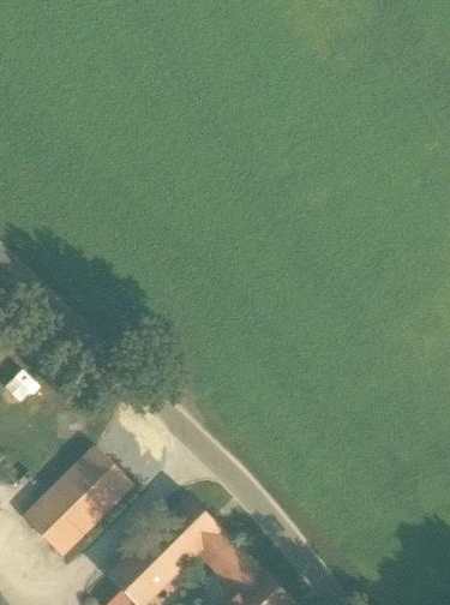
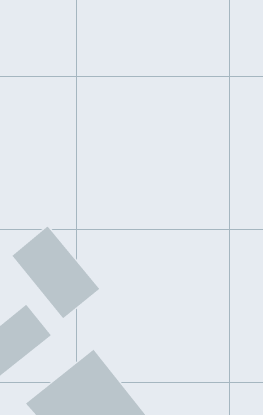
building: none -> [12,225,100,319]

